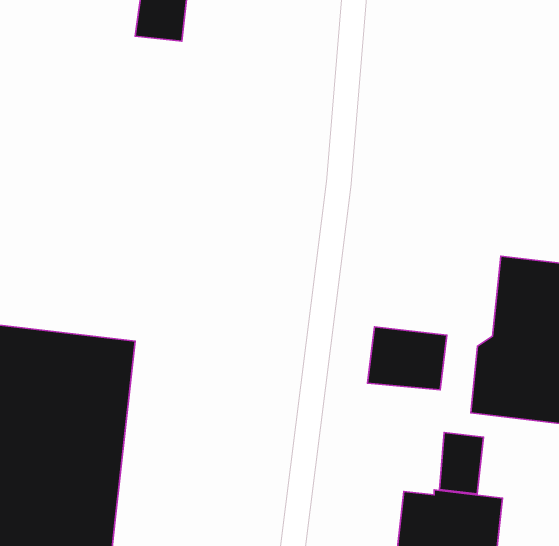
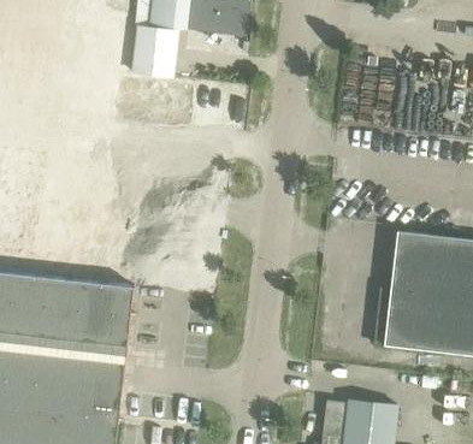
building: [367,327,447,390] -> none
building: [439,433,484,494] -> none

